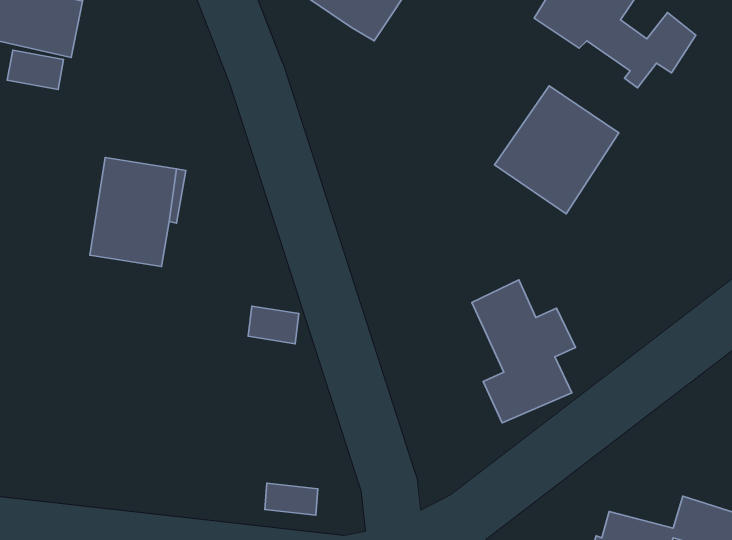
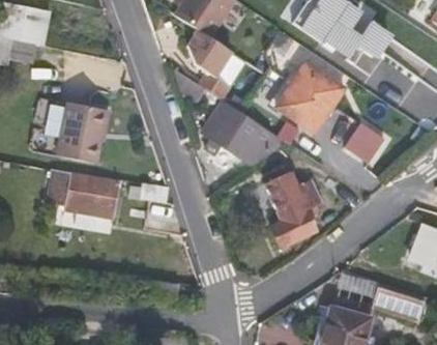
building: none -> [187,30,231,77]
building: none -> [204,103,272,165]
building: none -> [342,124,383,166]
building: none -> [47,169,122,222]

